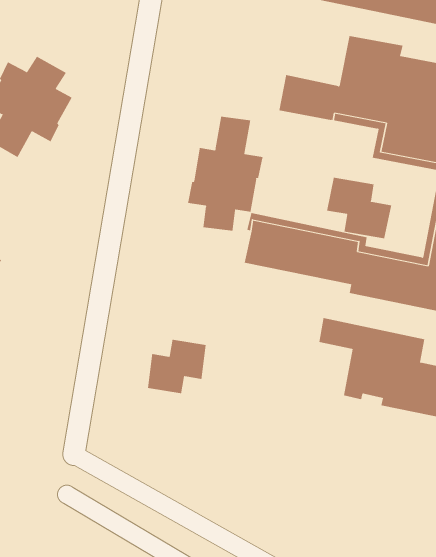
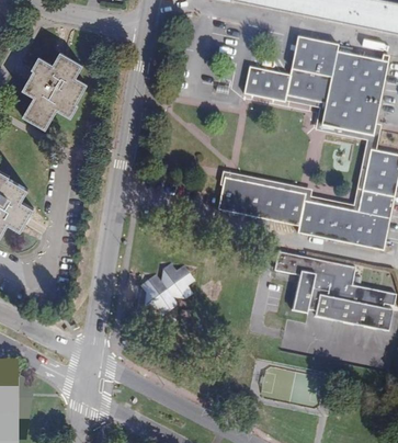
building: [187,116,263,232] -> none
building: [326,177,392,239] -> none

